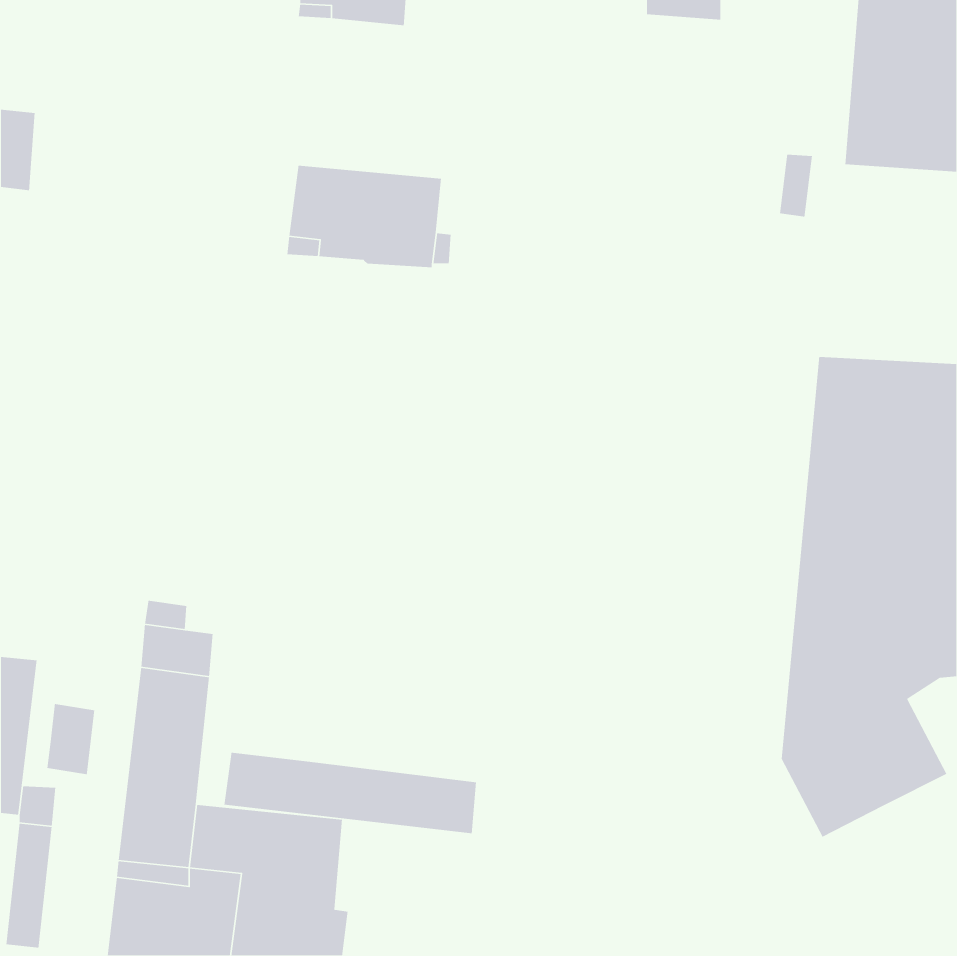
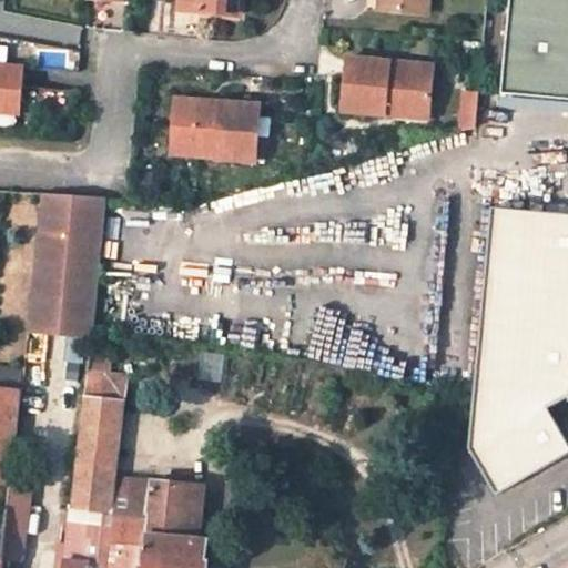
building: none -> [341,58,432,116]
building: none -> [29,192,105,335]
building: [47,703,95,775] -> none
building: [224,752,477,834] -> none

